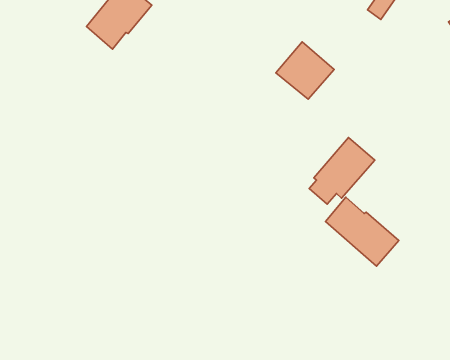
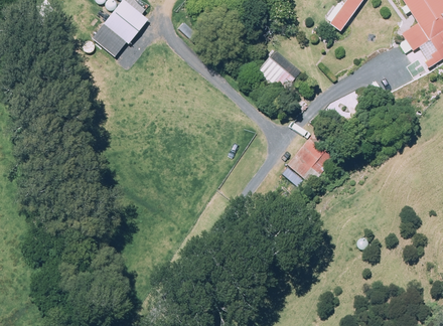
building: [326,197,399,266] -> none

